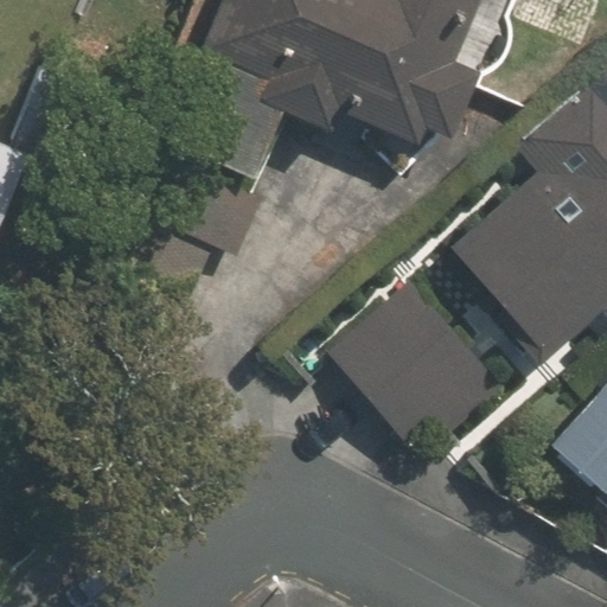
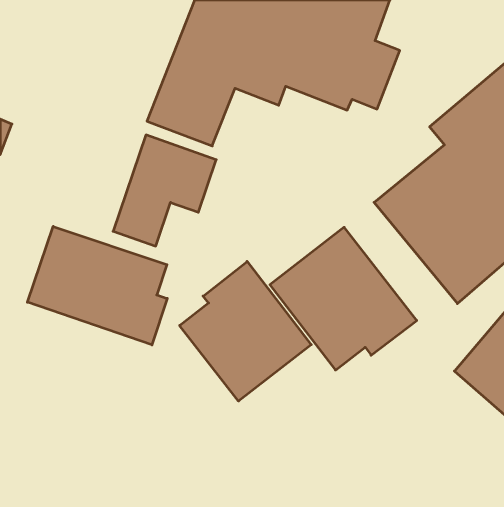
building: none -> [27,226,167,345]
building: none -> [180,261,311,401]

